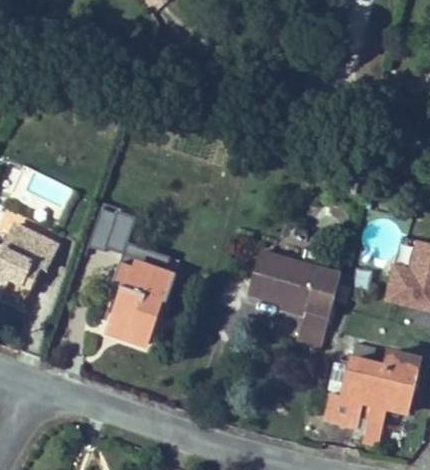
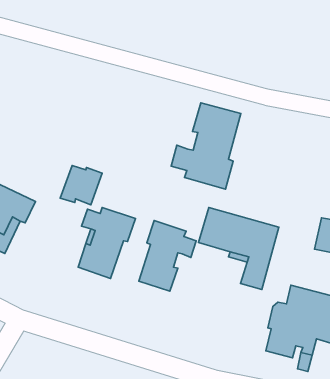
building: none -> [171,103,241,189]
building: none -> [139,220,196,291]

